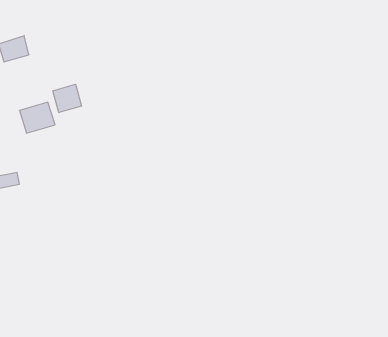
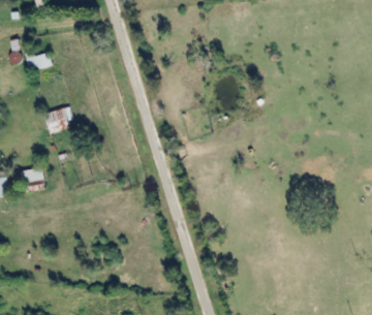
building: [53,84,81,113] -> none

